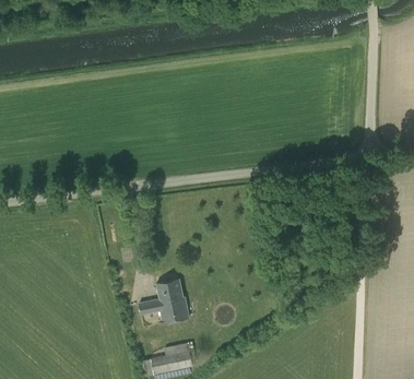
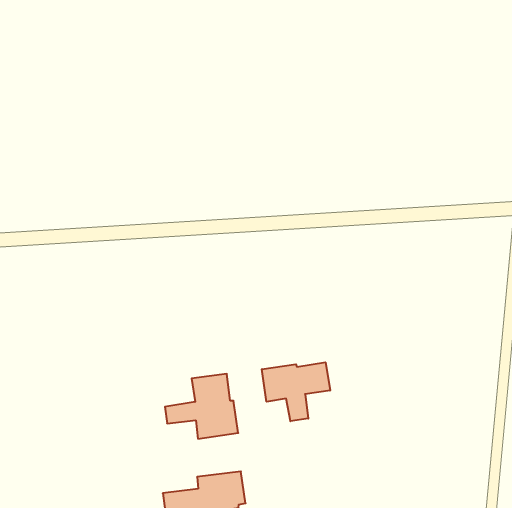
building: none -> [262,362,330,421]

